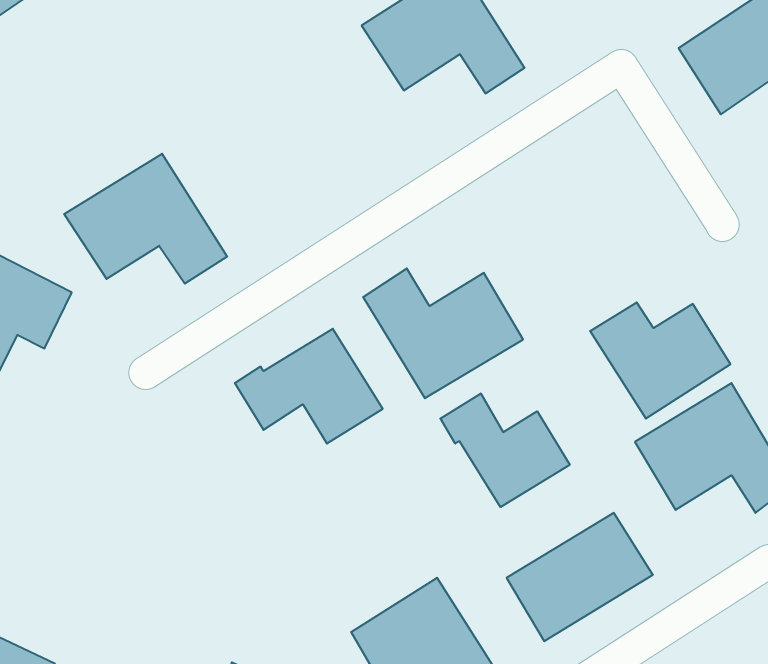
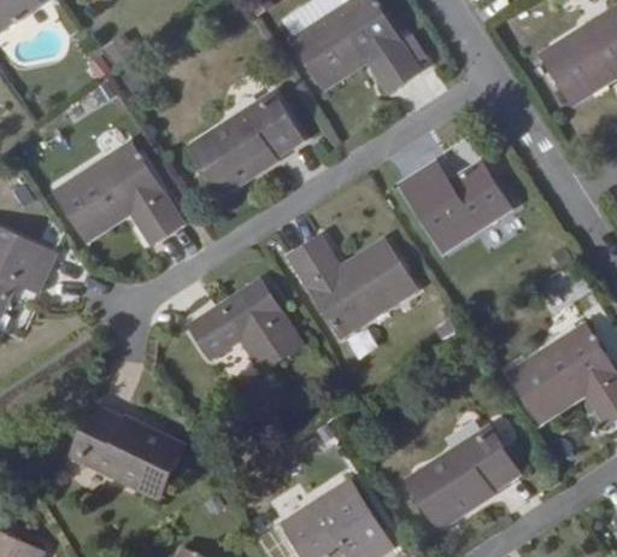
building: none -> [189,93,302,194]
building: [590,302,730,419] -> [399,159,511,252]
building: [440,393,570,507] -> none
building: none -> [69,400,187,498]

